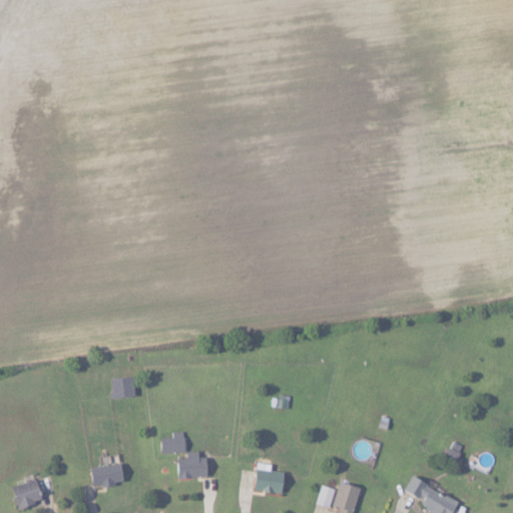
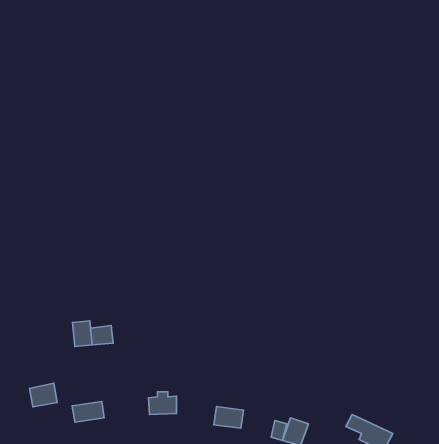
building: none -> [72,321,92,346]
building: [162,432,186,453] -> none
building: [13,480,45,507] -> [29,383,57,407]

